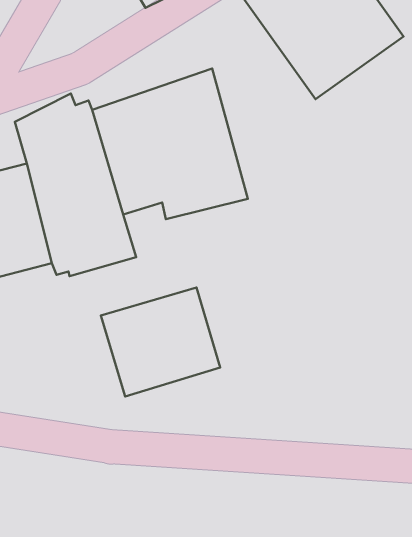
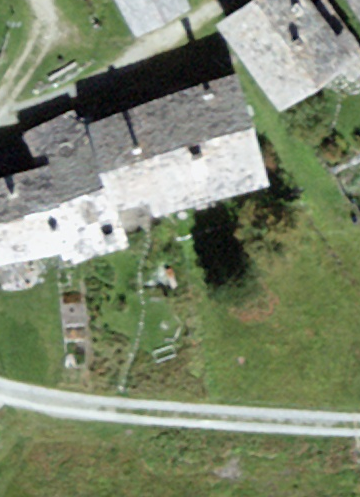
building: none -> [191,75,267,198]
building: [101,287,220,397] -> none

